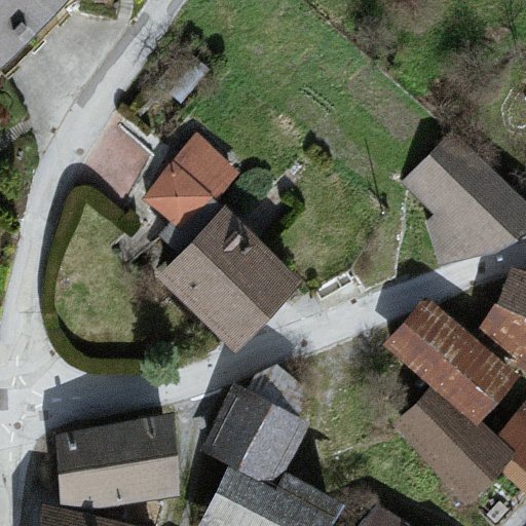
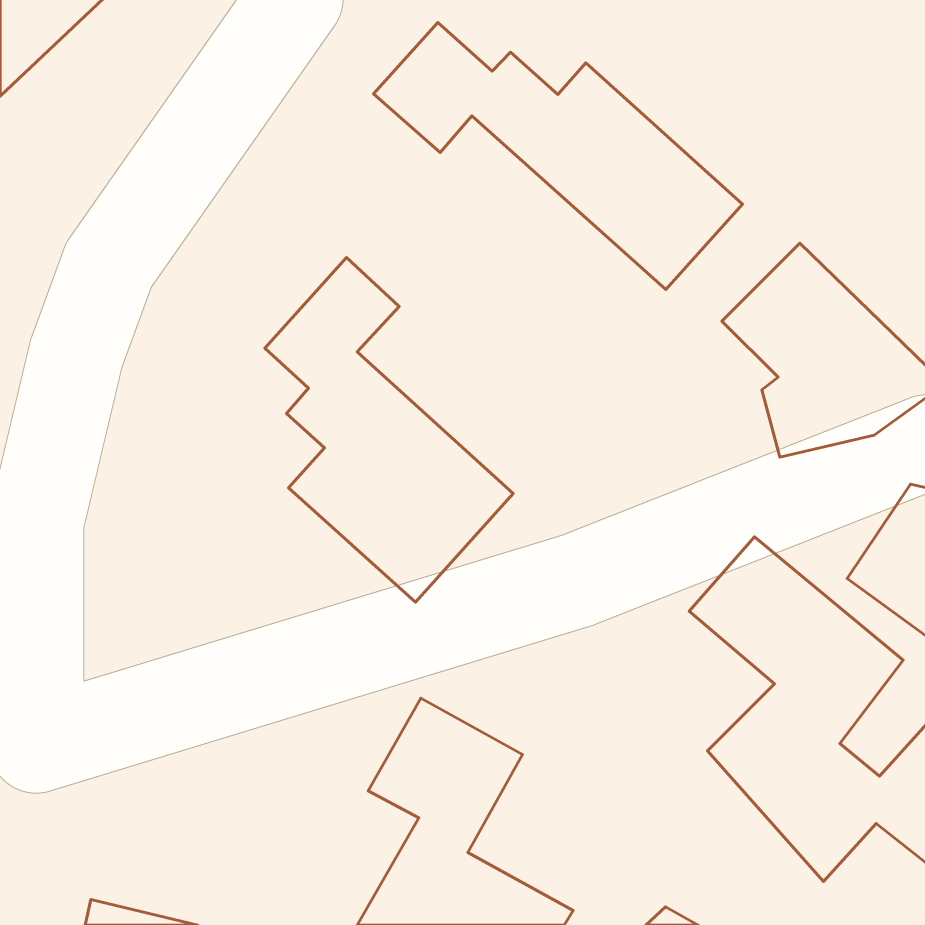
building: none -> [374,23,743,289]
building: [59,421,178,504] -> none

